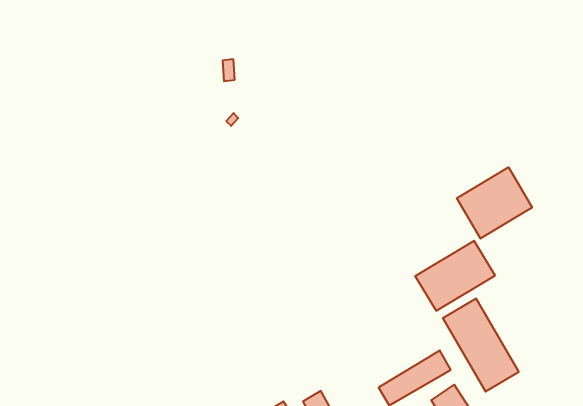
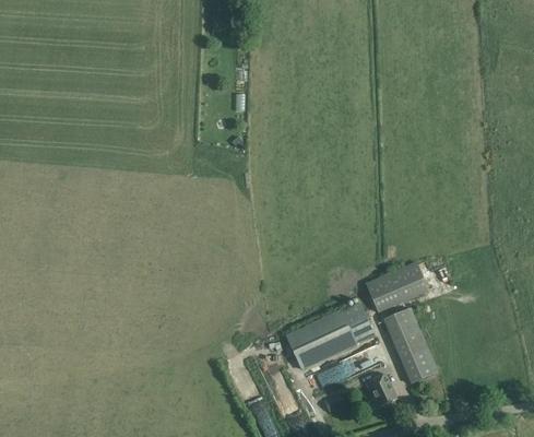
building: [457,167,532,239] -> none
building: none -> [285,302,373,368]

